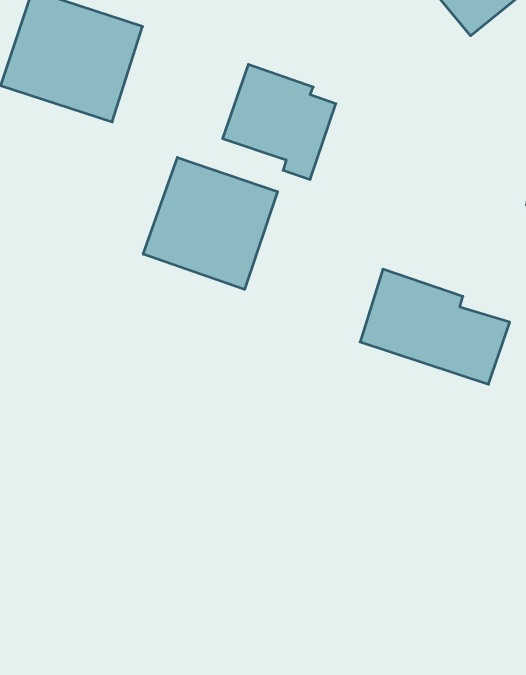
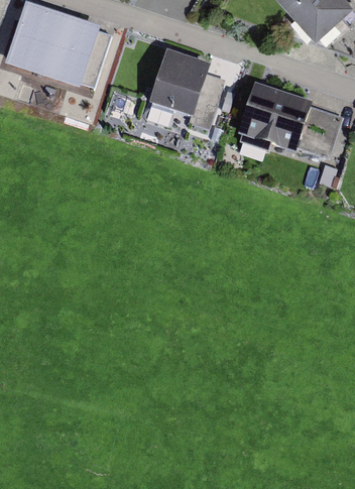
building: [143,157,278,289] -> none
building: [360,269,510,384] -> [242,83,342,159]

